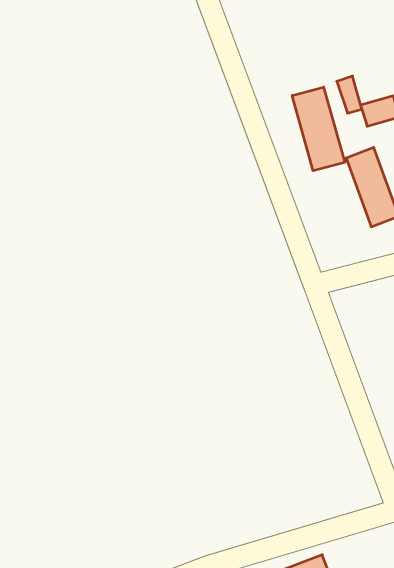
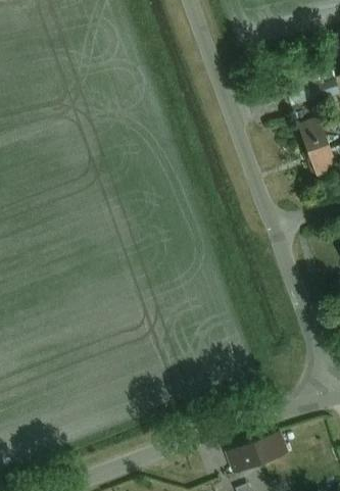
building: [292,87,345,171] -> none

